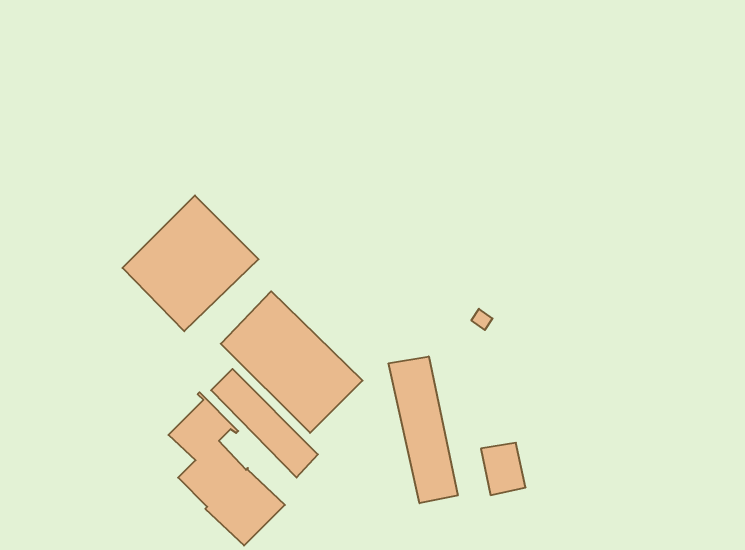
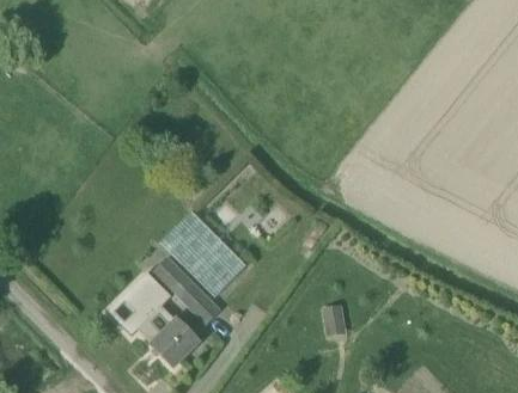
building: [122,195,259,331] -> none
building: [389,356,458,503] -> none

